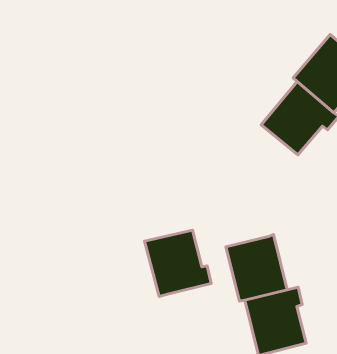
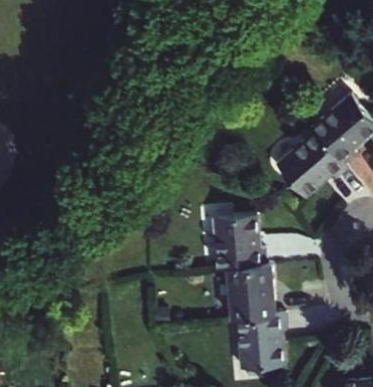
building: [144,230,211,296] -> [214,216,267,270]

